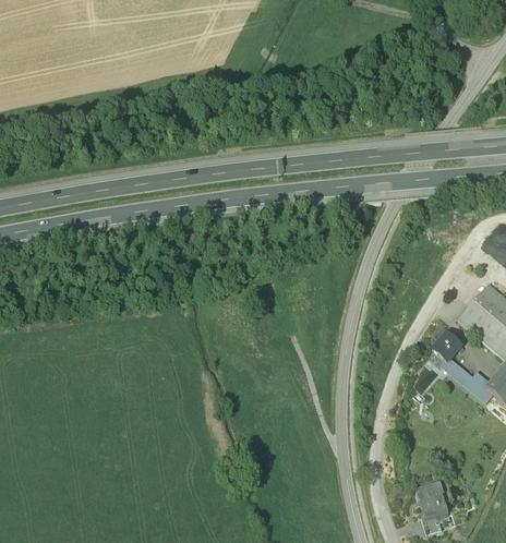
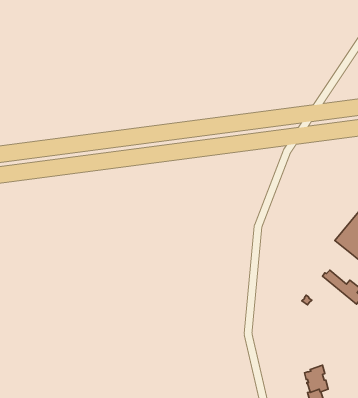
building: [430,333,460,363] -> none

